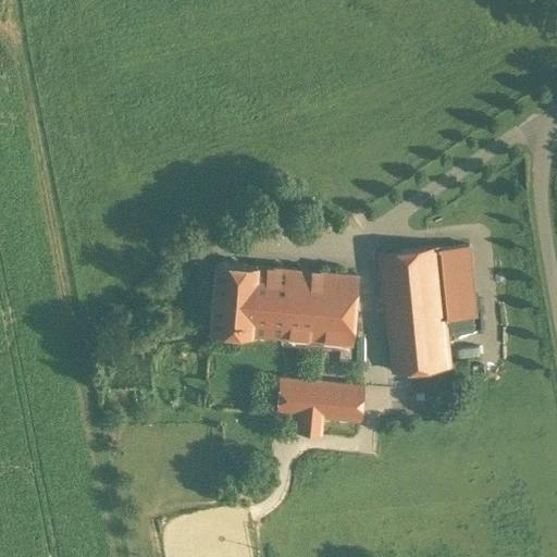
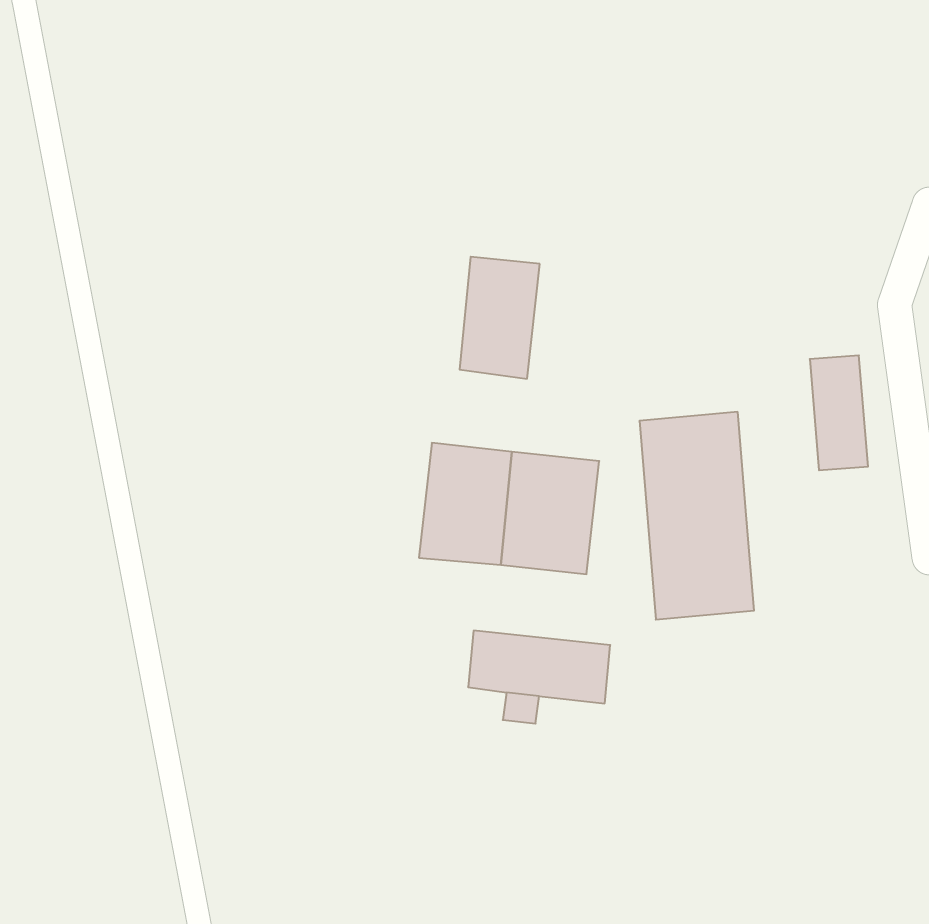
building: [441,248,475,317] -> [810,355,868,470]
building: [210,264,258,337] -> [460,257,540,379]

